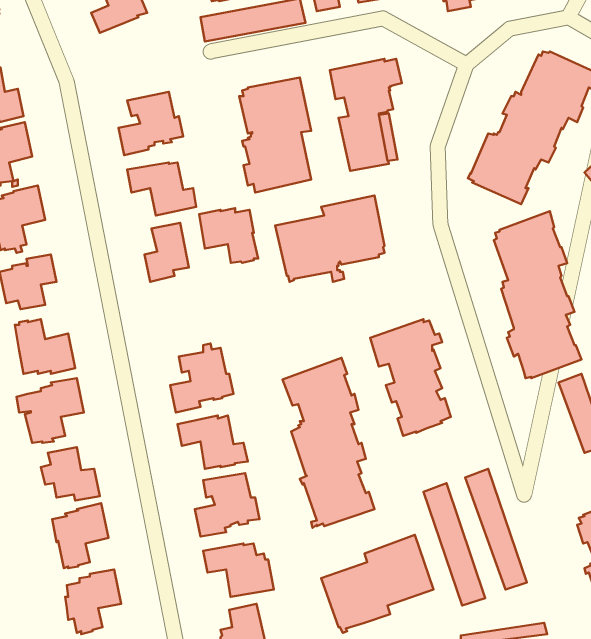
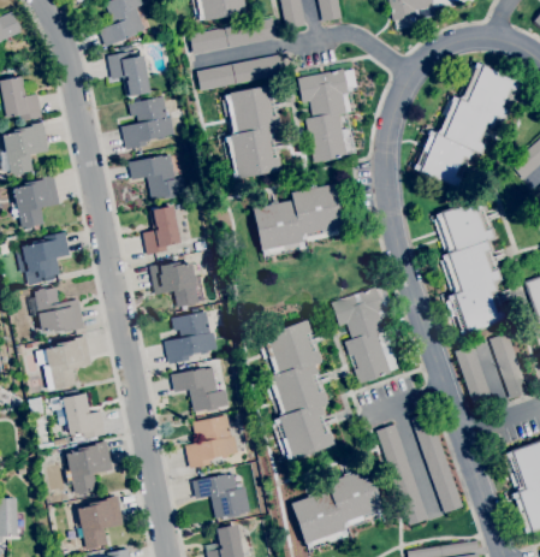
building: none -> [108,51,152,96]
building: none -> [197,54,284,91]
building: [199,208,258,263] -> [150,261,200,307]
building: none -> [455,344,494,410]

